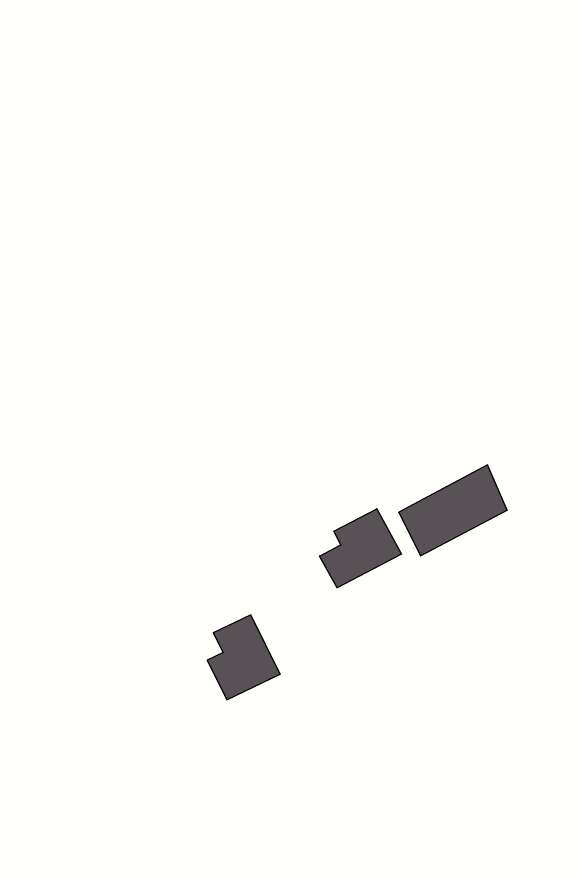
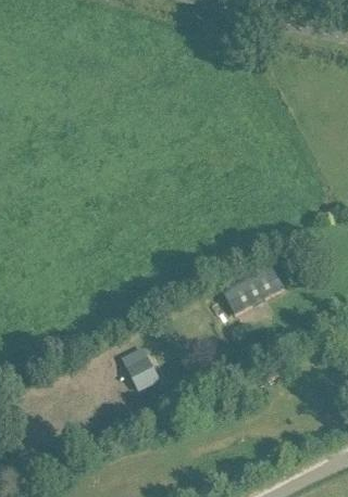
building: [319,509,402,588] -> none

